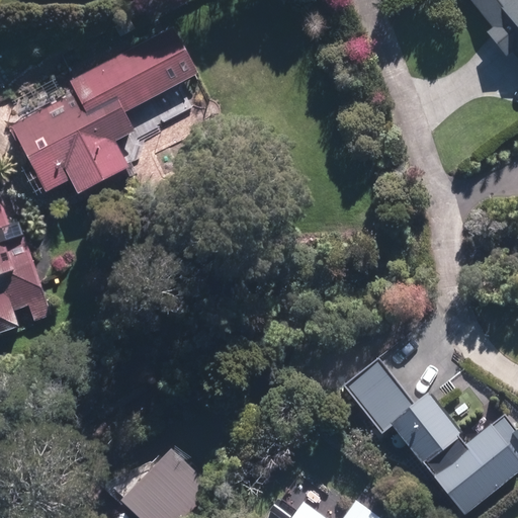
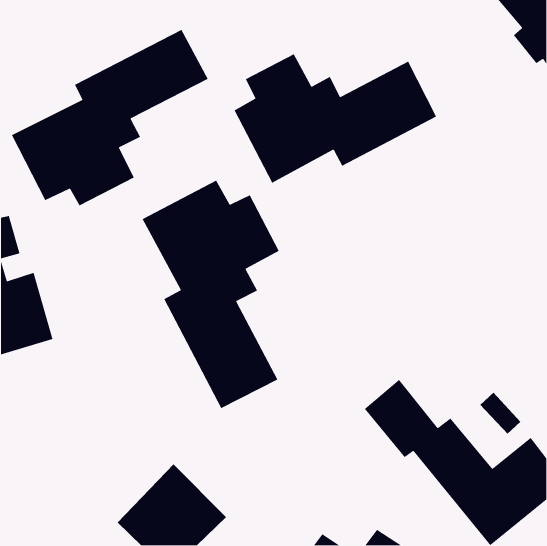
building: none -> [234,53,437,184]
building: none -> [141,180,280,409]

